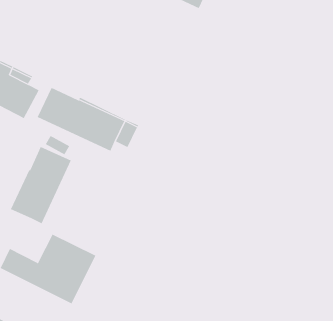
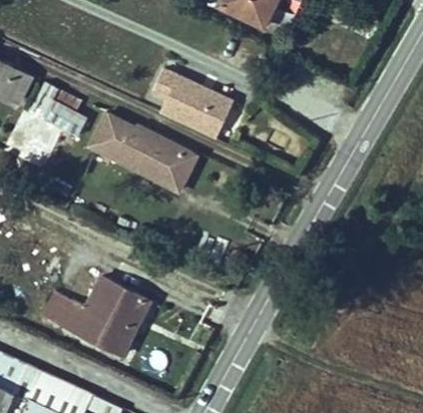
building: none -> [154,71,236,140]
building: [10,146,71,224] -> none

